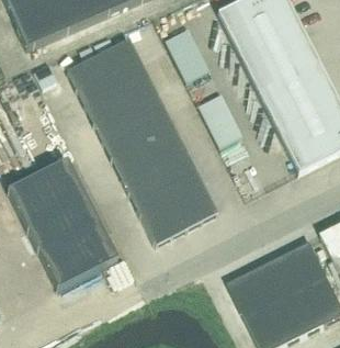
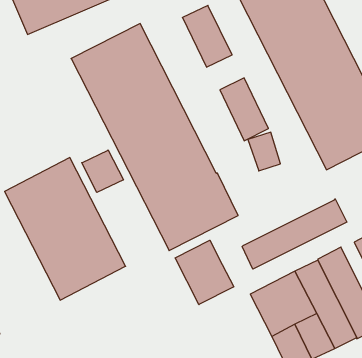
building: none -> [82,150,123,192]
building: none -> [242,199,347,269]
building: none -> [175,240,234,305]

